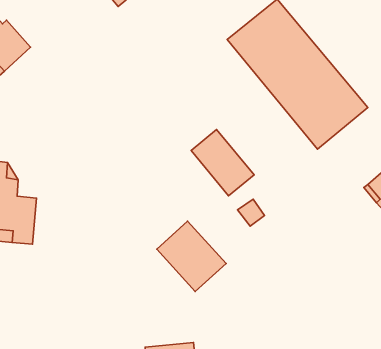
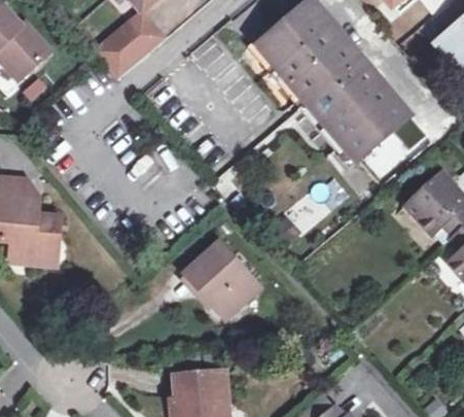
building: none -> [92,9,168,79]
building: [191,129,254,196] -> none

